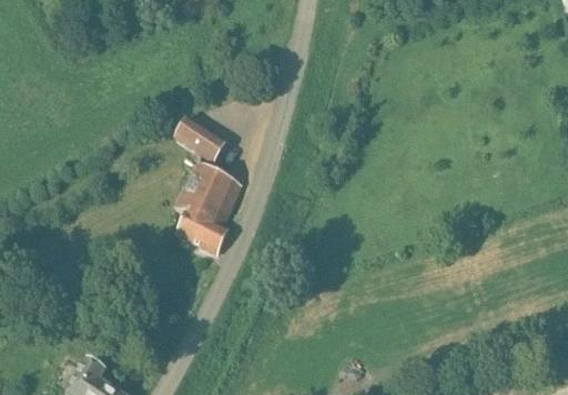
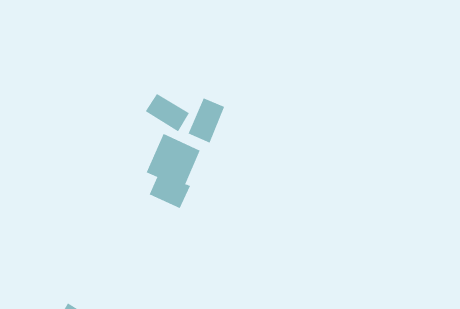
building: none -> [188,98,225,143]

